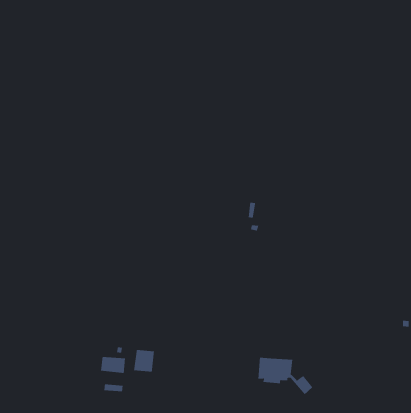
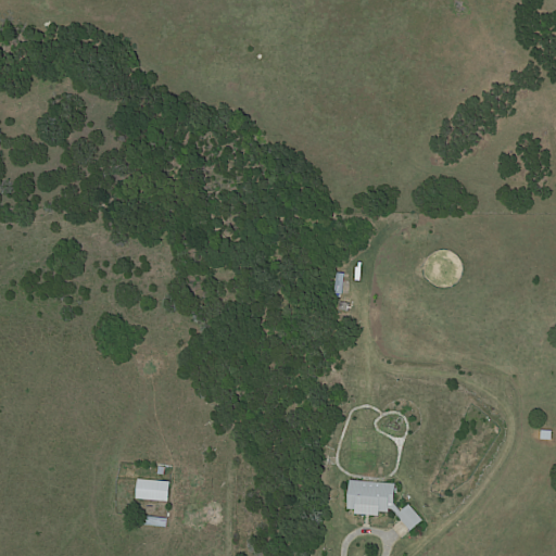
building: [133,349,154,373] -> none

